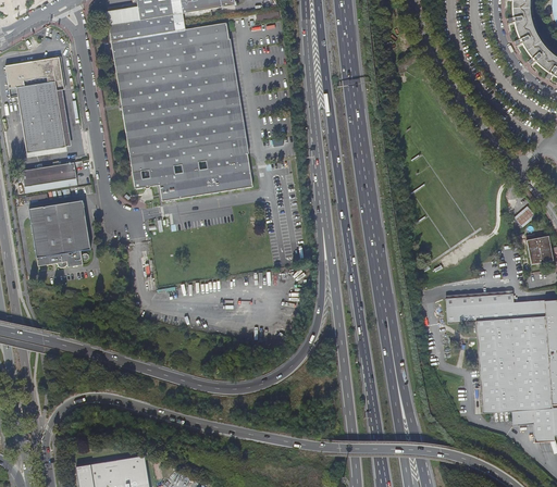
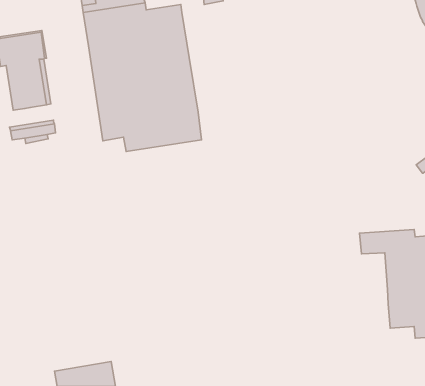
building: [28,198,90,264] -> none

